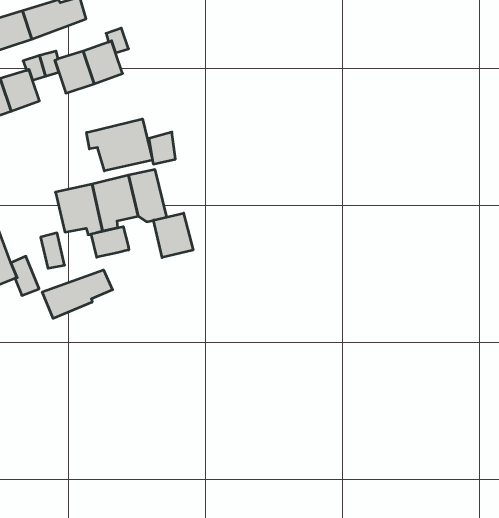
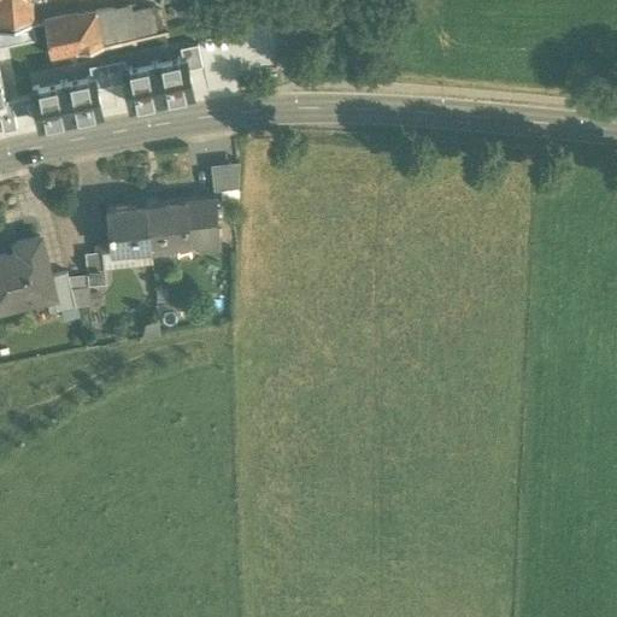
building: [87,119,153,171] -> none
building: [154,213,193,258] -> none
building: [91,227,129,257] -> none
building: [42,270,113,318] -> none

